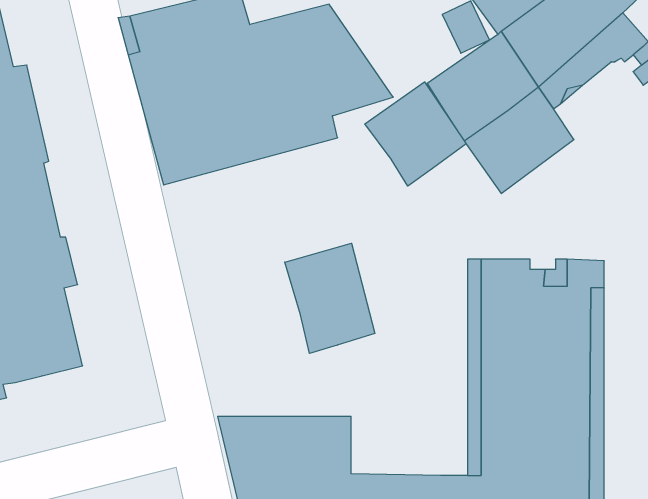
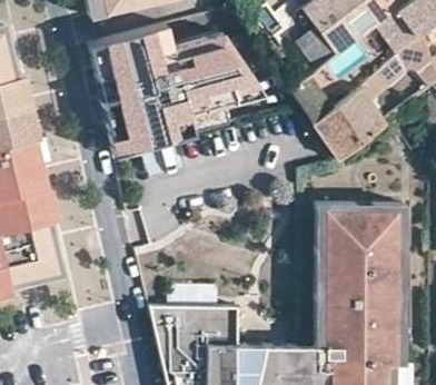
building: [365,82,466,186] -> none
building: [285,243,375,353] -> none

